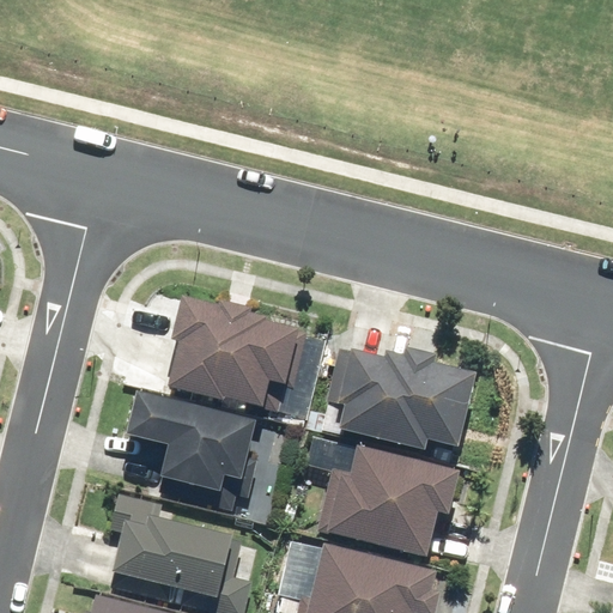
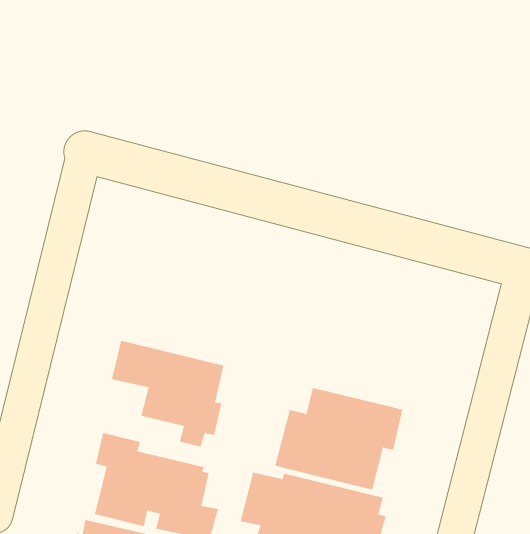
building: [166,296,305,413] -> none
building: [323,346,478,450] -> none

